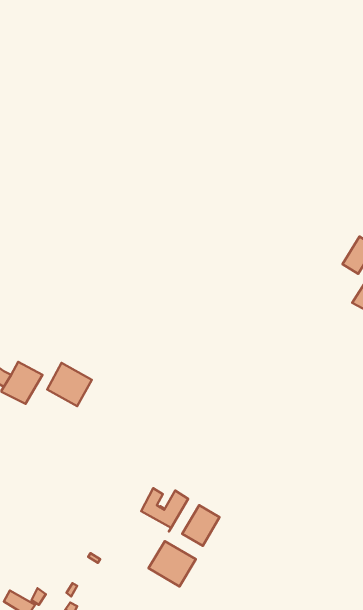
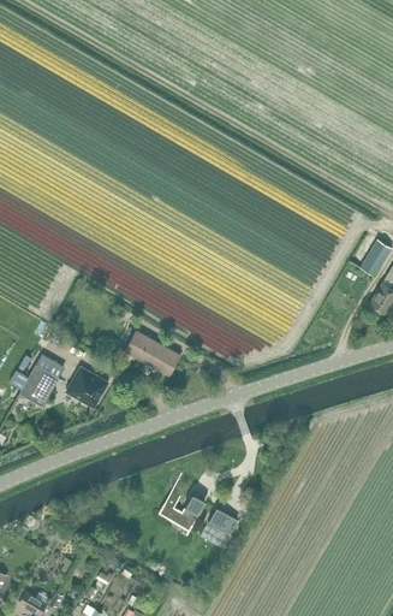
building: none -> [123,330,181,377]
building: [148,541,196,586] -> none

